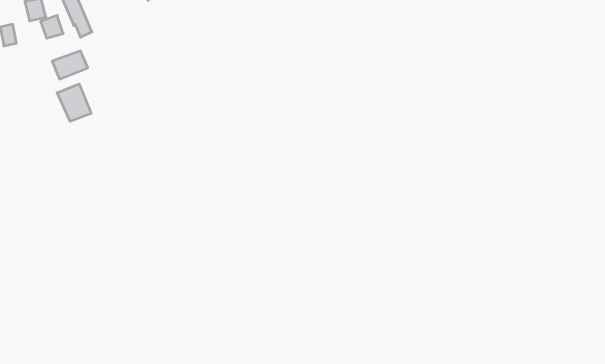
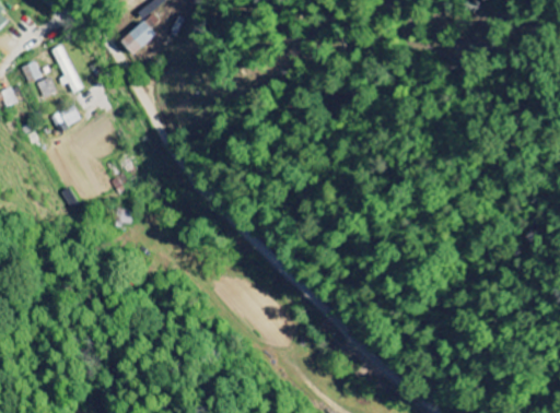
building: [57,84,91,121] -> none

